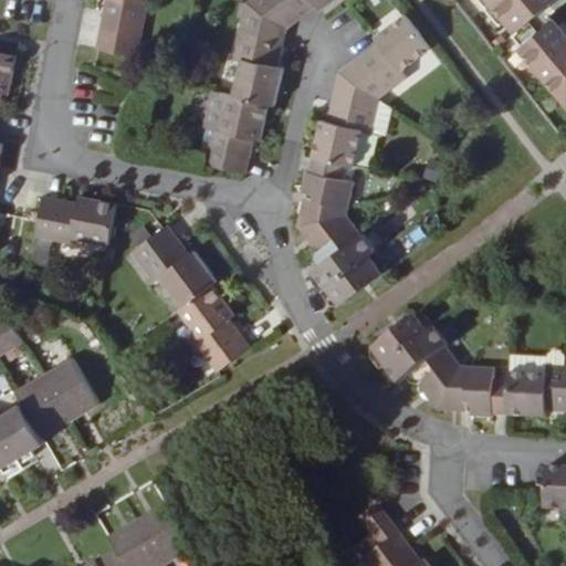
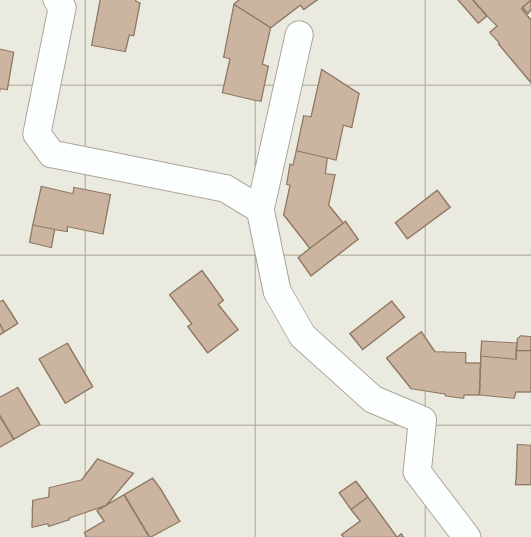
building: [337,12,432,98] -> none
building: [203,93,268,175] -> none
building: [132,226,216,306] -> none
building: [326,255,384,306] -> [395,190,450,239]
building: [380,328,444,385] -> none
building: [11,377,69,440] -> none
building: none -> [32,459,134,527]

